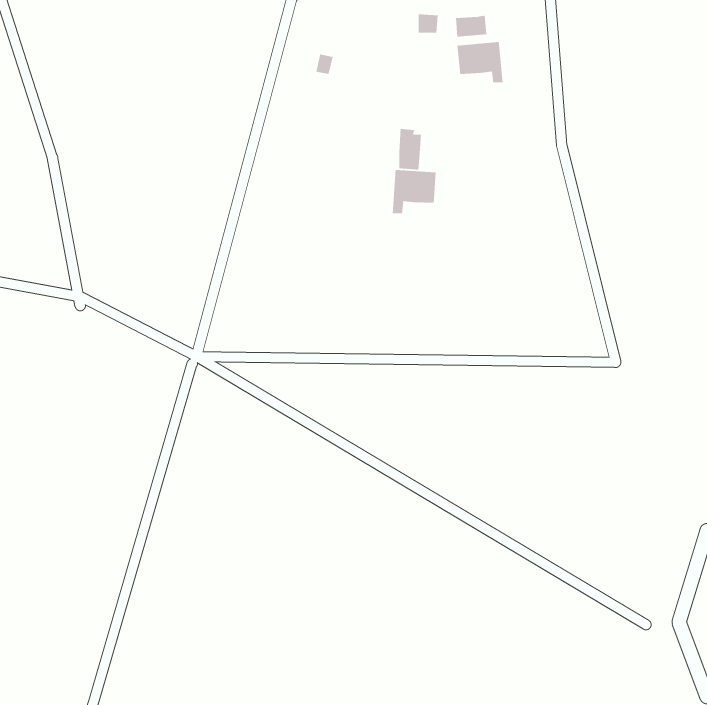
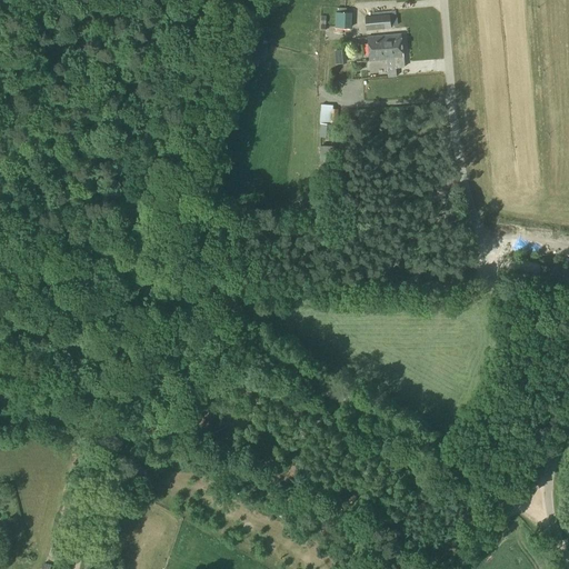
building: [392,169,436,214] -> none

